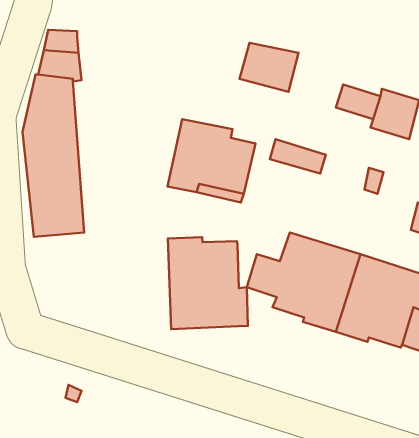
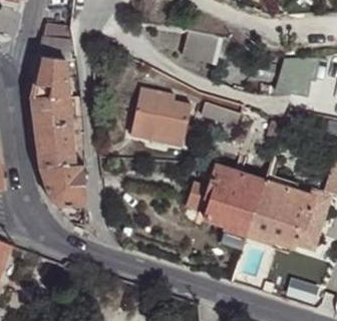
building: none -> [38,167,85,208]
building: [168,237,248,329] -> none

